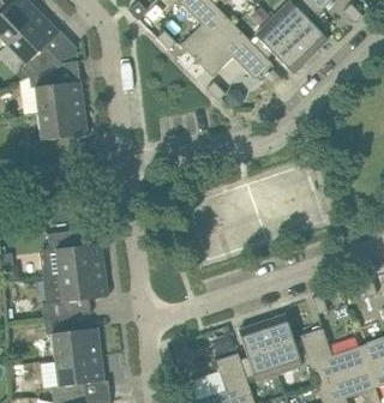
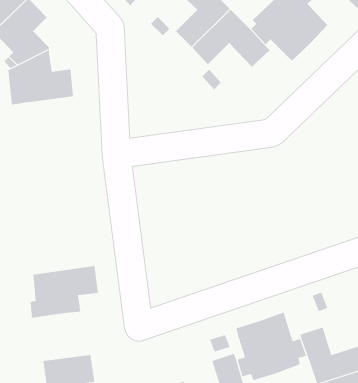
building: [36,107,88,155] -> none
building: [41,228,104,277] -> none
building: [43,314,101,360] -> none

